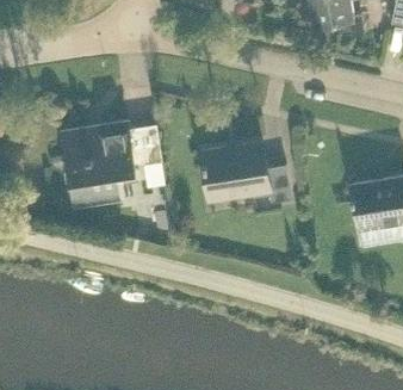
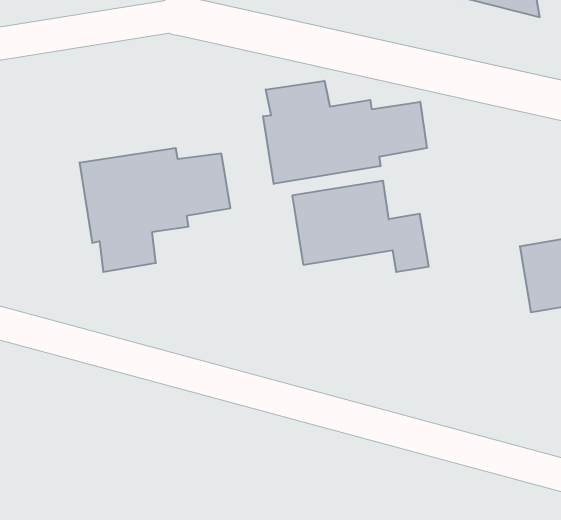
building: none -> [263,81,427,184]

